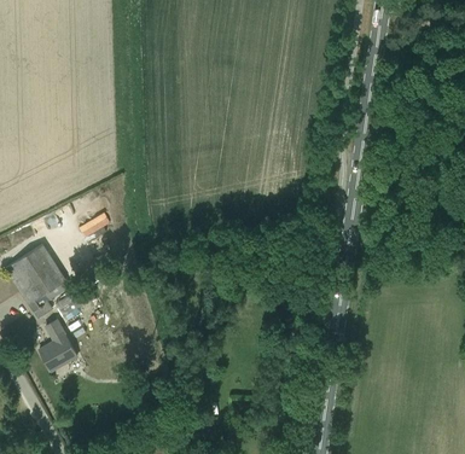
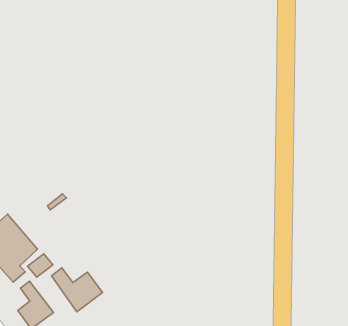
building: none -> [51,268,103,312]

